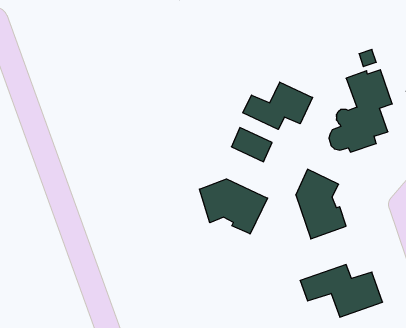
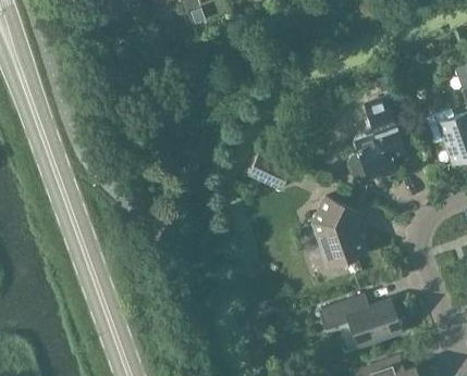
building: [243,82,313,129] -> none
building: [199,179,268,234] -> none

